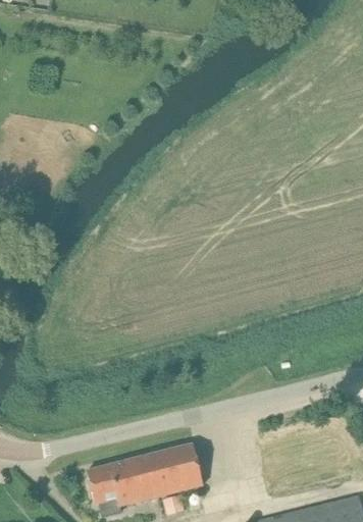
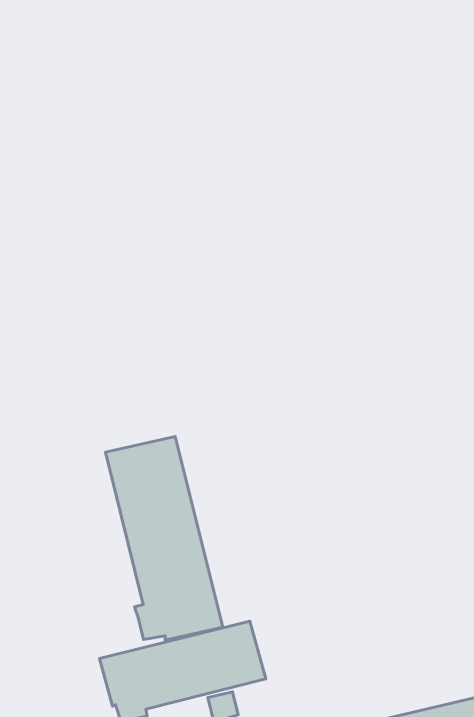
building: none -> [105,437,223,640]

